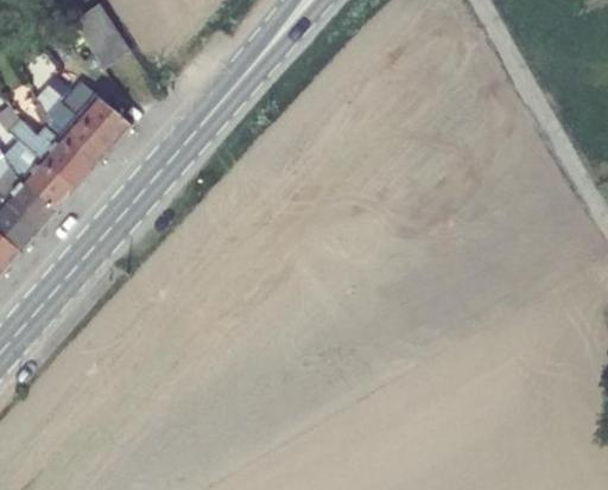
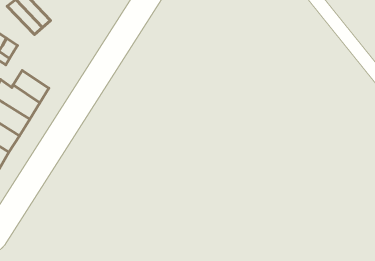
building: [76,93,131,146] -> none

